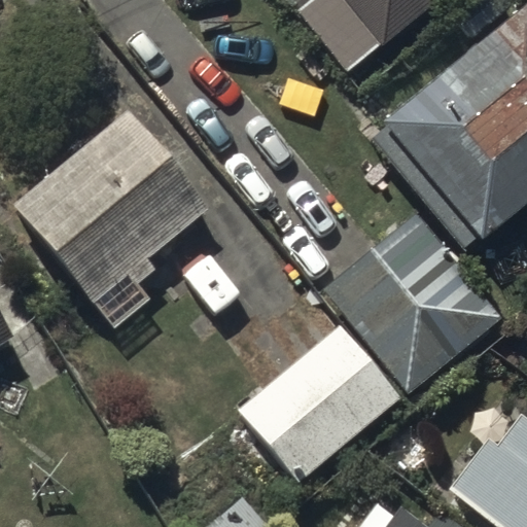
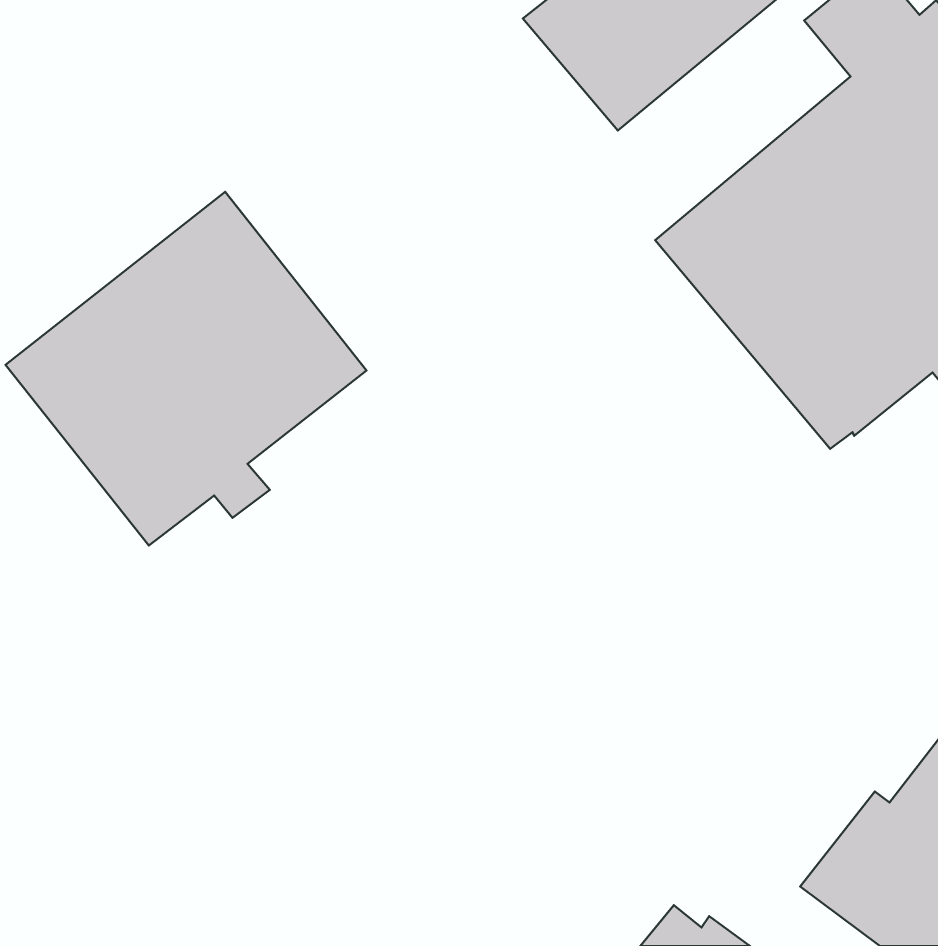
building: [324,212,503,393] -> none
building: [240,324,403,483] -> none

